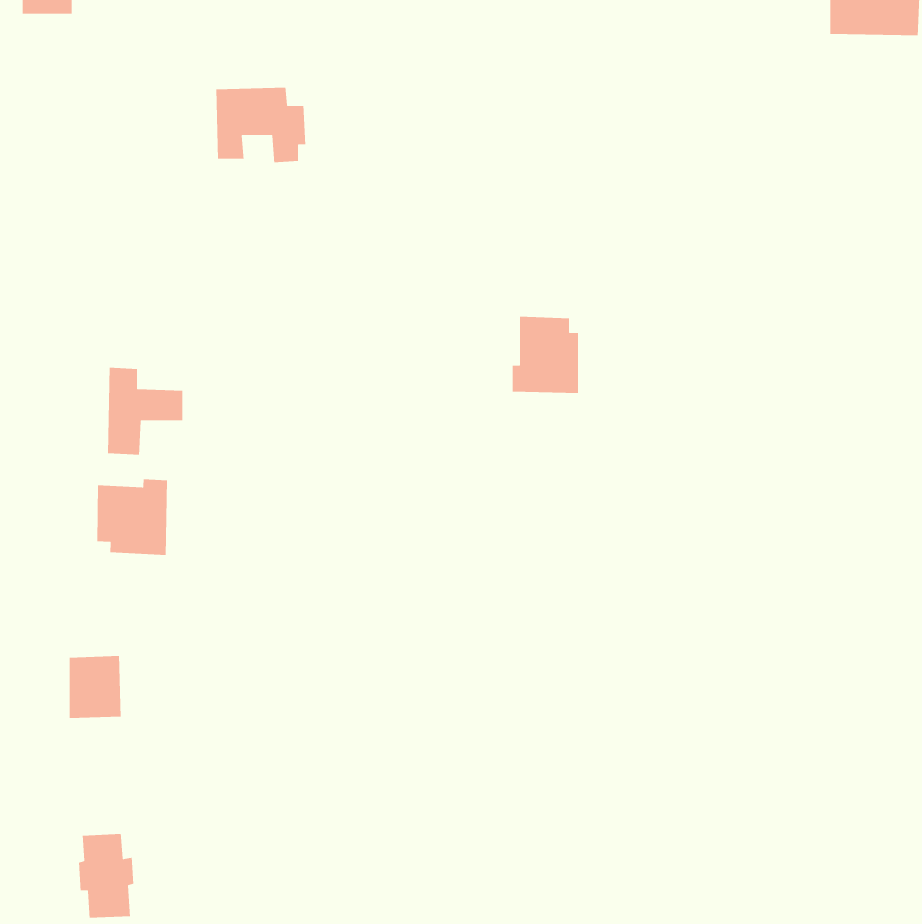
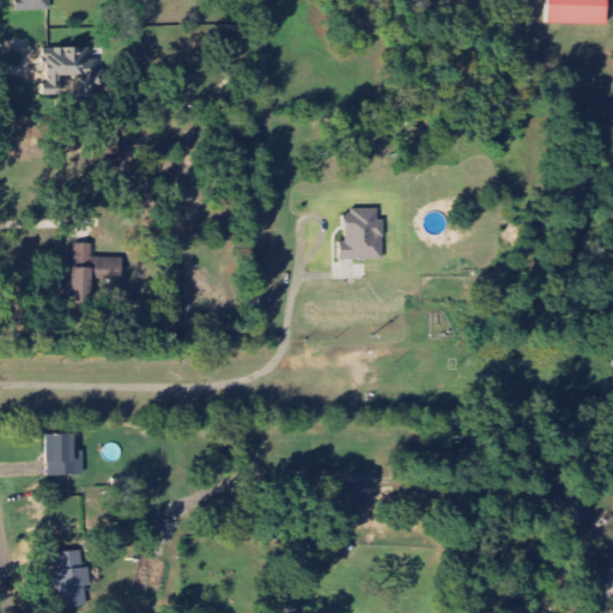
building: [215,87,306,163] -> [41,45,101,96]
building: [96,479,168,556] -> none

